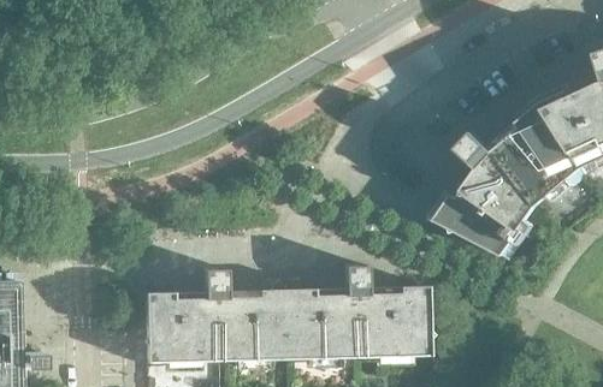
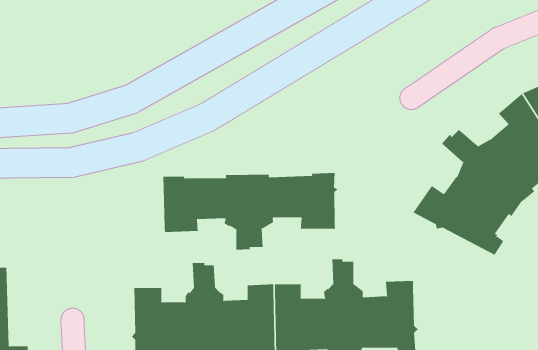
building: none -> [163,172,339,250]

